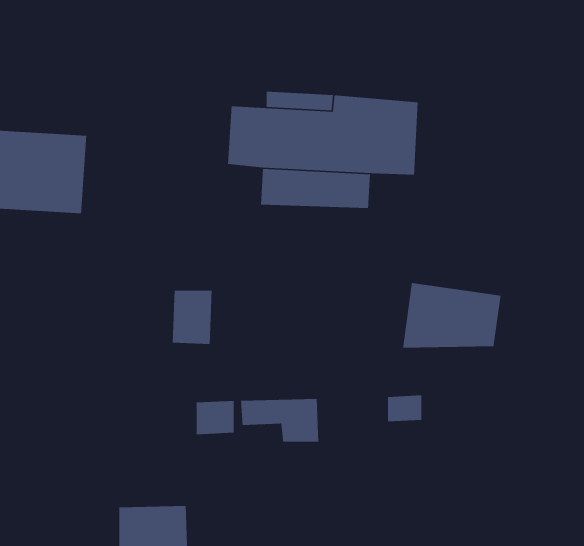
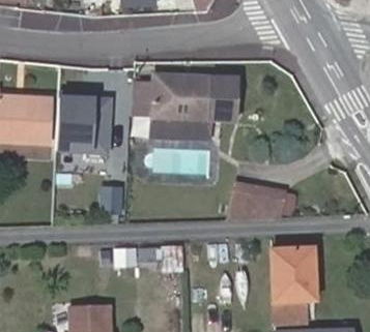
building: none -> [56,94,110,154]
building: none -> [274,245,316,321]

